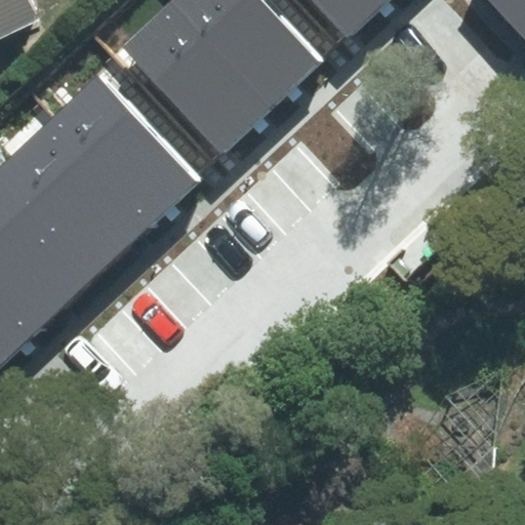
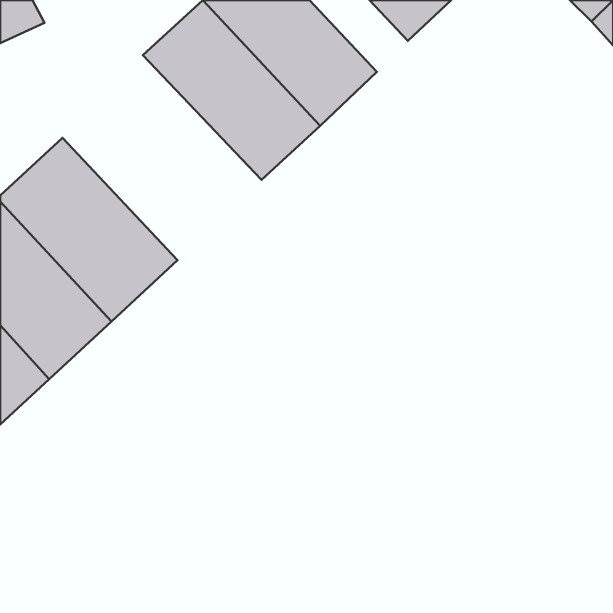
building: [53,74,199,223] -> none

